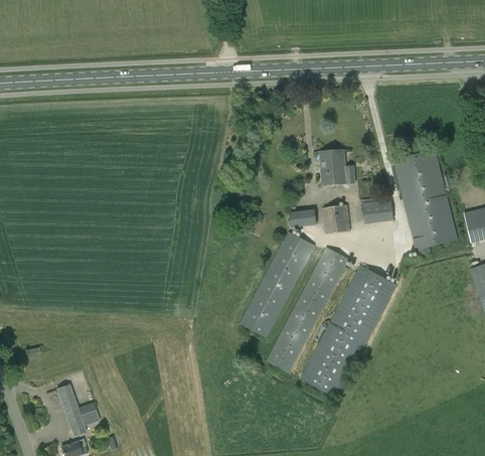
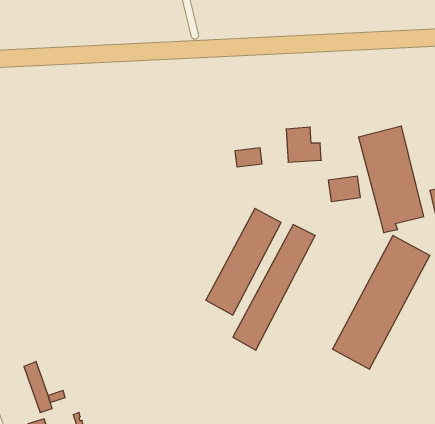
building: [322,204,351,234] -> none
building: [290,208,317,227] -> [235,148,262,167]
building: [300,264,397,398] -> [332,235,430,369]

